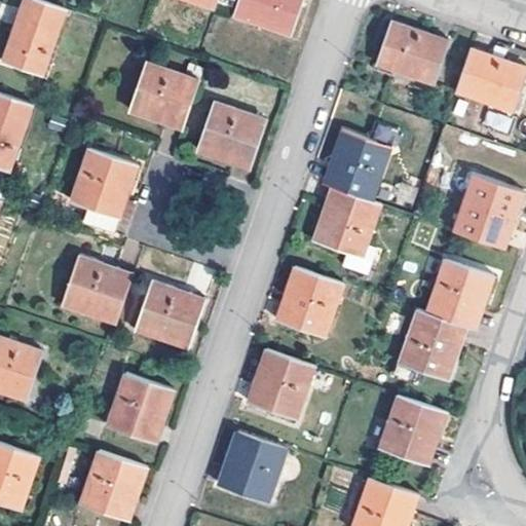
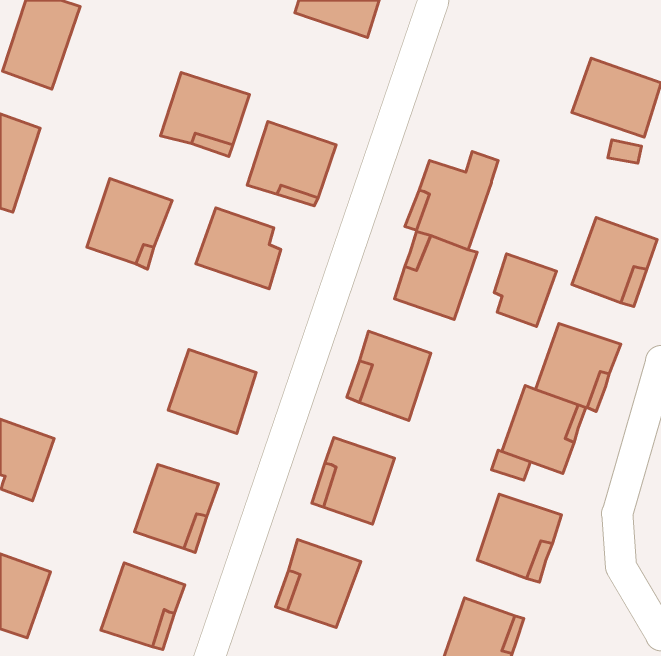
building: [375,24,447,86] -> none
building: none -> [196,208,281,289]
building: none -> [494,254,557,326]
building: [61,257,132,324] -> none

